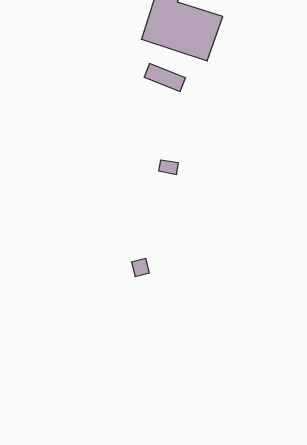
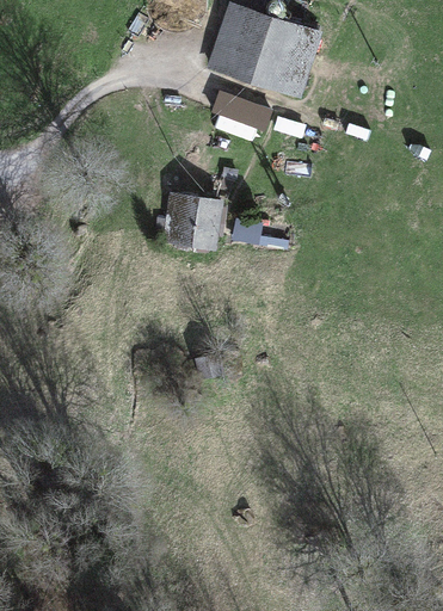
building: none -> [165,196,217,245]

